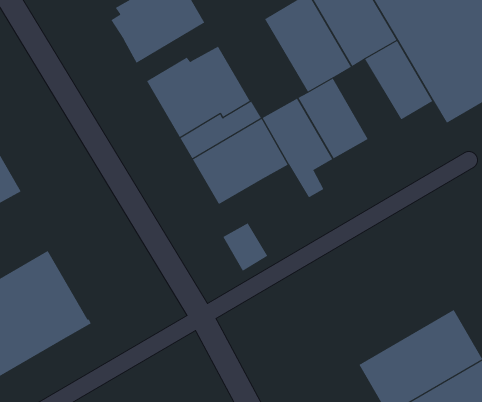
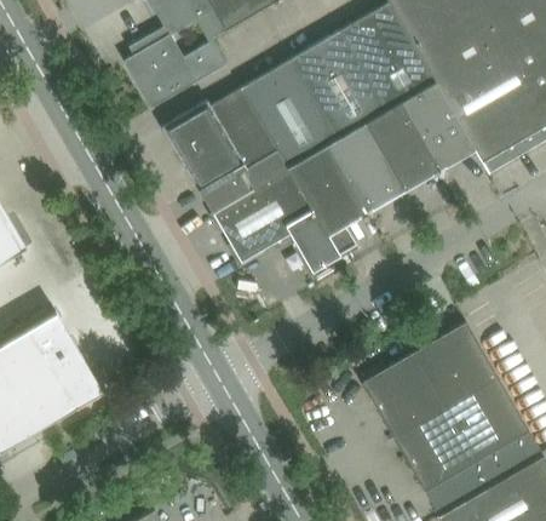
building: none -> [241,58,338,166]
building: none -> [366,102,439,189]
building: [223,222,268,271] -> [289,217,339,270]
building: none -> [362,320,498,435]

